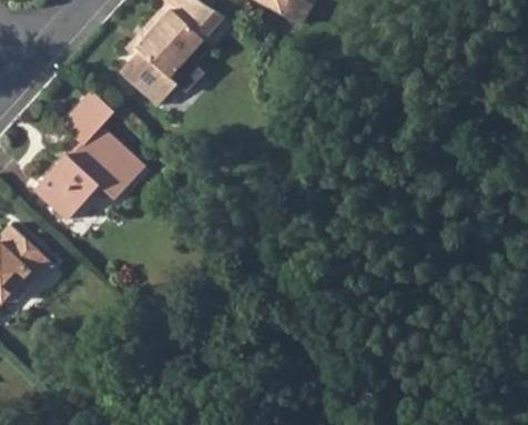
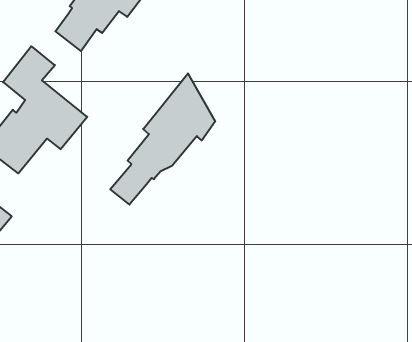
building: none -> [110,73,215,205]

